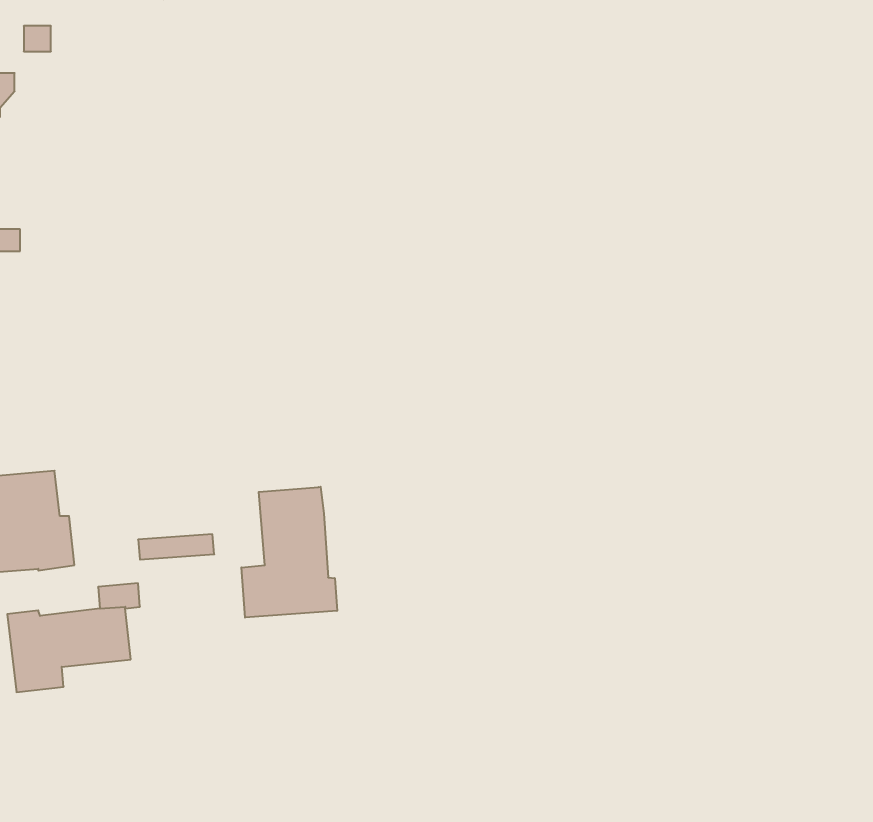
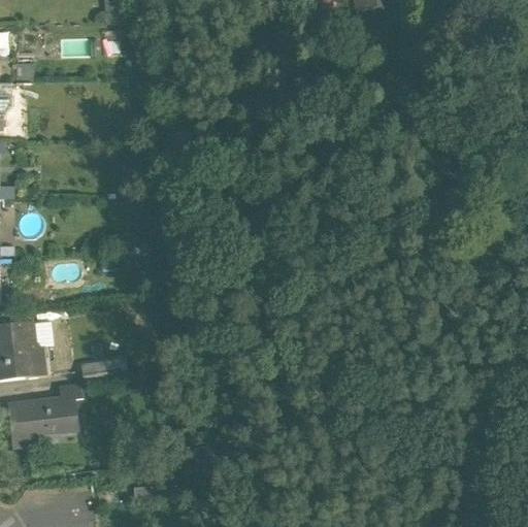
building: [241,487,337,618] -> none

